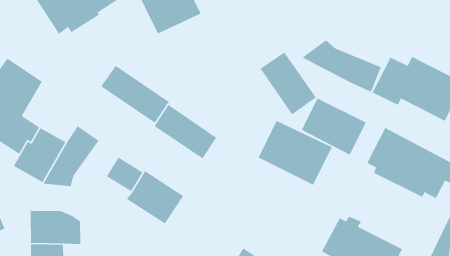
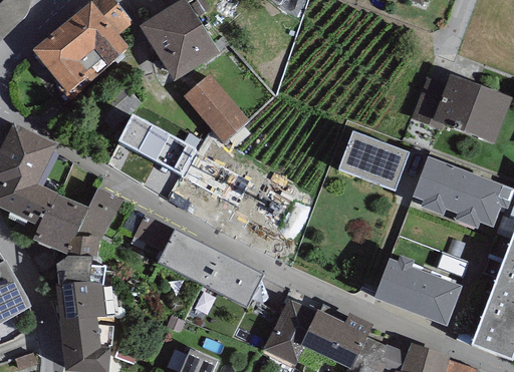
building: [302,39,382,93] -> none
building: [259,51,317,116] -> [184,75,249,143]
building: [257,120,333,186] -> none
building: none -> [57,254,114,289]
building: none -> [203,251,263,306]

